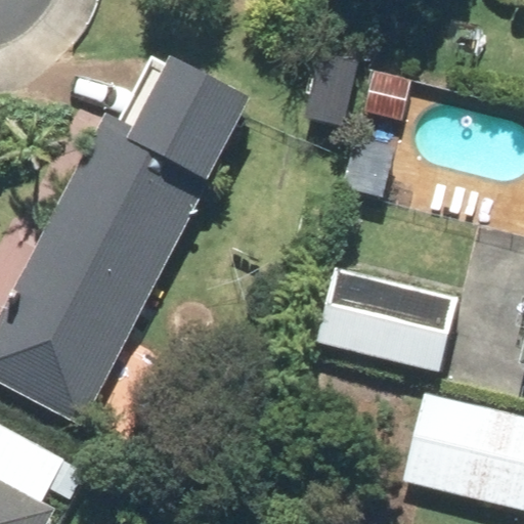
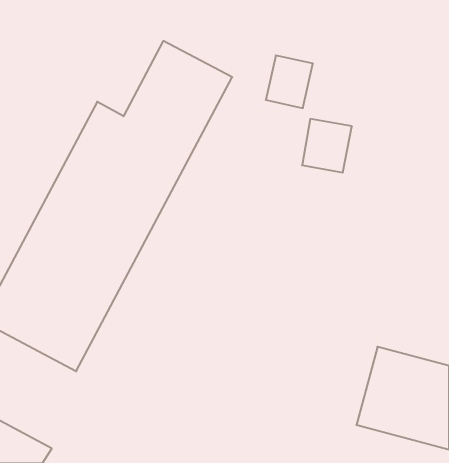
building: [321,263,458,370] -> none

